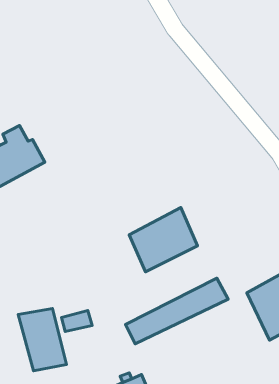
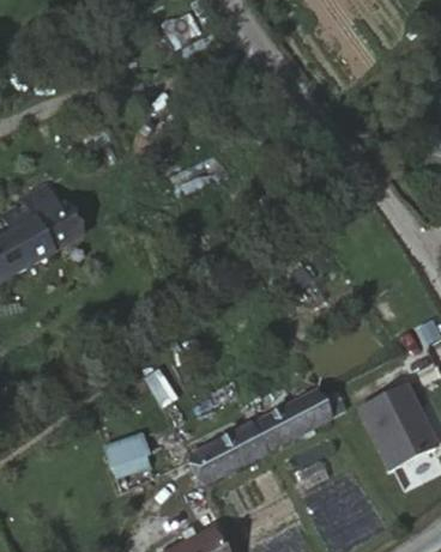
building: [129,207,197,272] -> none
building: [18,308,66,371] -> none

